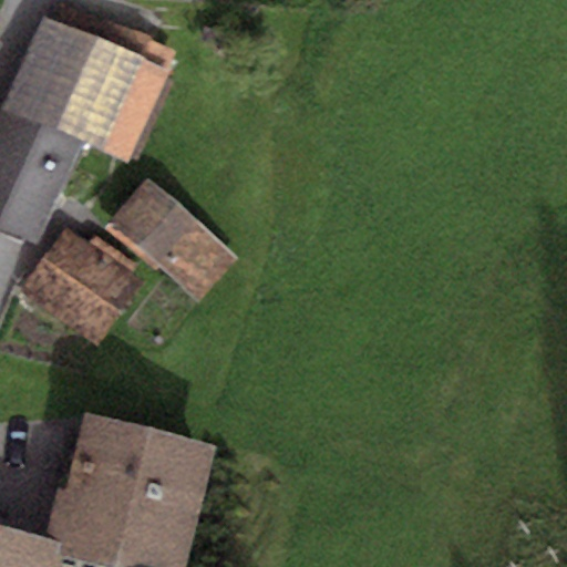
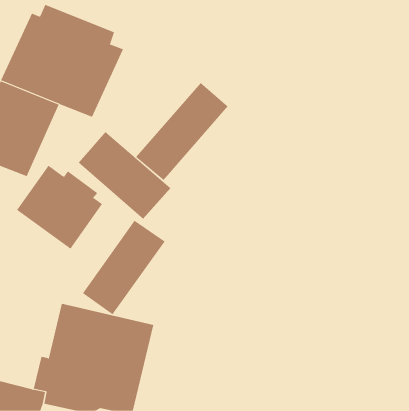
building: none -> [135,82,228,181]
building: none -> [82,220,165,315]

